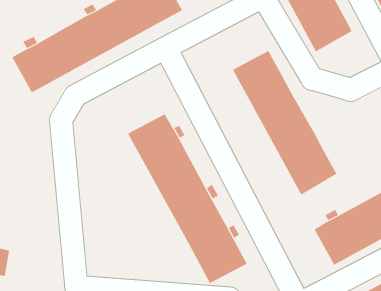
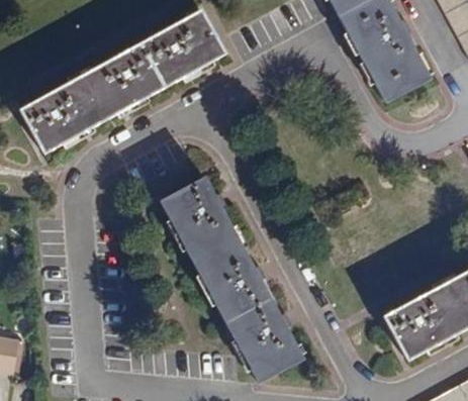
building: [232,50,337,195] -> none

